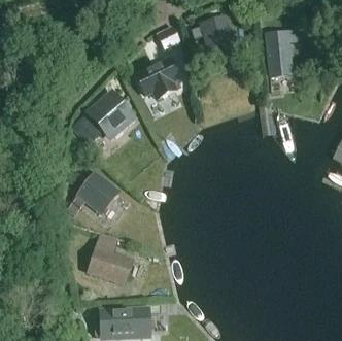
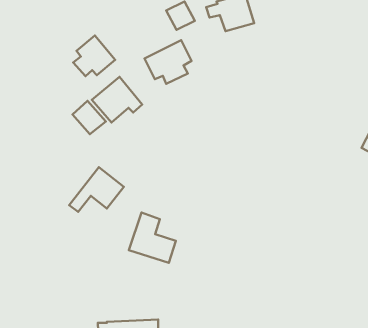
building: [267,31,300,76] -> none
building: none -> [73,36,115,76]
building: [91,236,133,281] -> [129,212,176,263]

